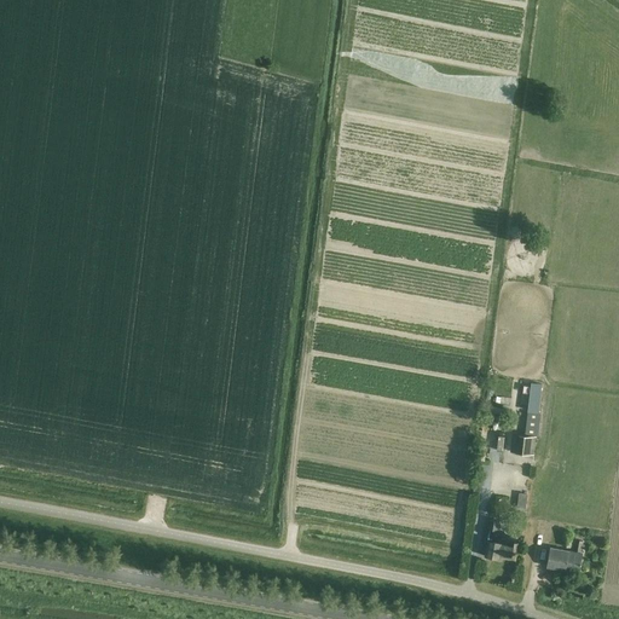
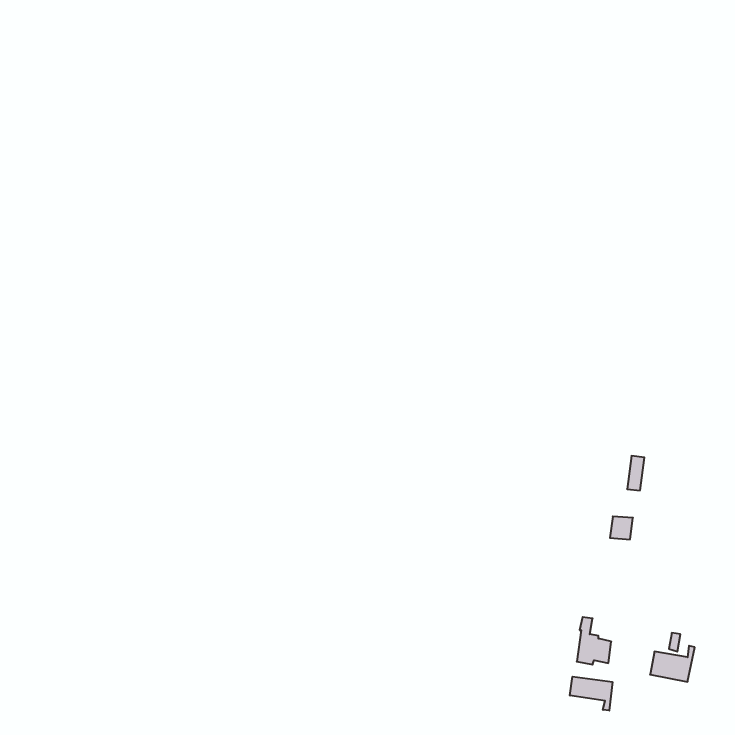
building: none -> [570,677,612,711]

